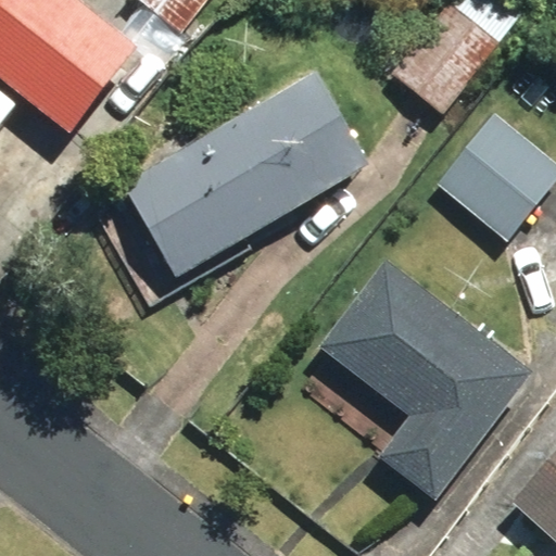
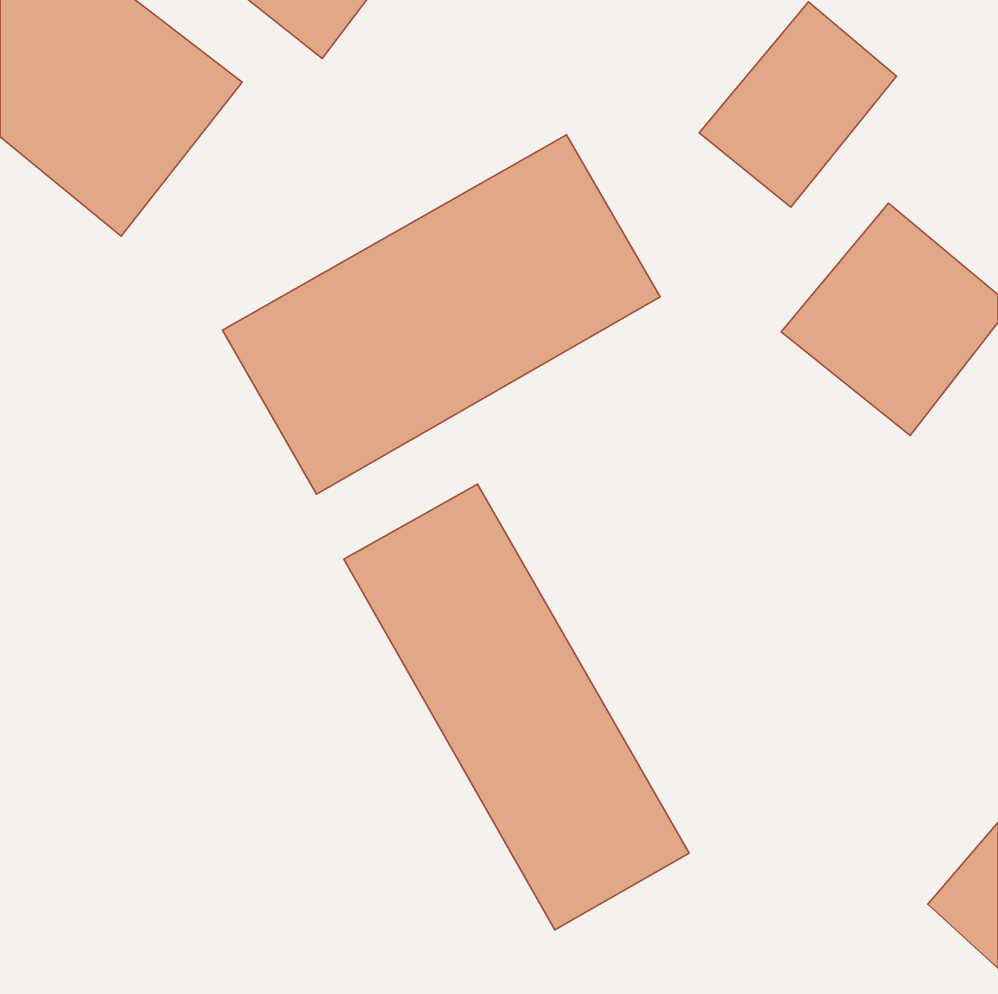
building: [317,260,531,500] -> none
building: none -> [344,484,689,930]

